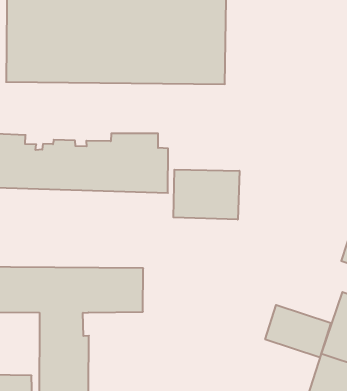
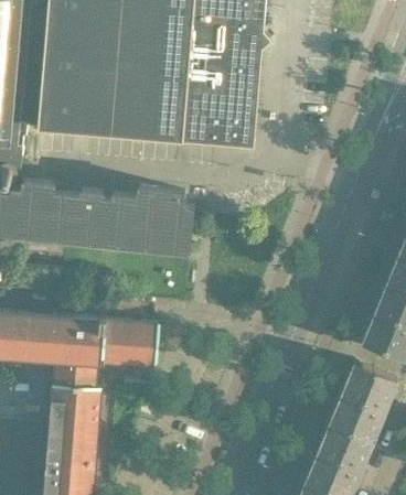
building: [173,170,239,220] -> none
building: [265,305,331,357] -> none

